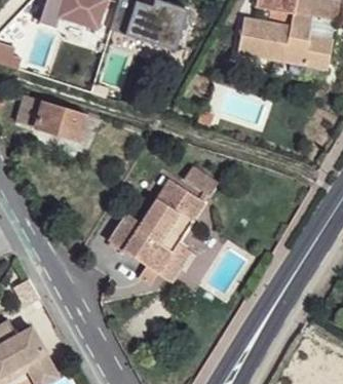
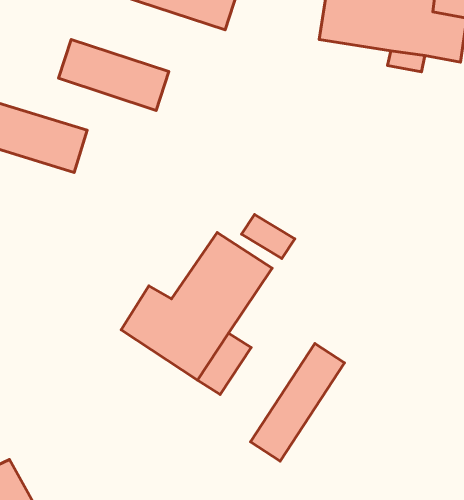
building: none -> [58,39,169,110]
building: none -> [250,344,344,461]

